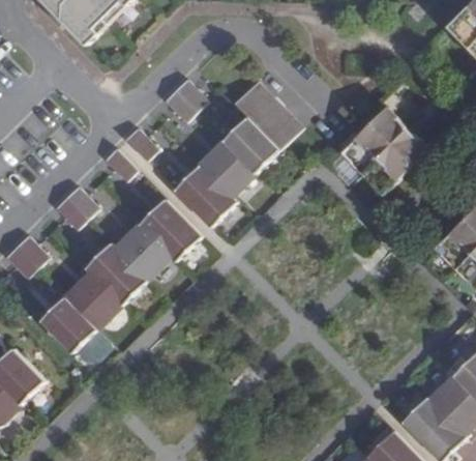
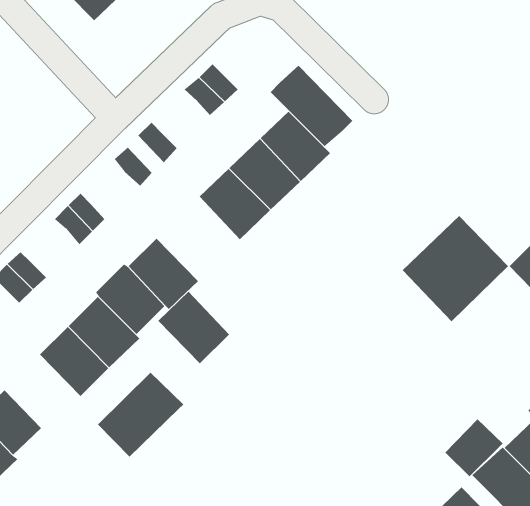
building: [339,106,428,195] -> [402,215,509,322]
building: [139,199,199,260] -> [157,291,230,364]
building: none -> [97,372,184,458]
building: none -> [444,418,503,477]

